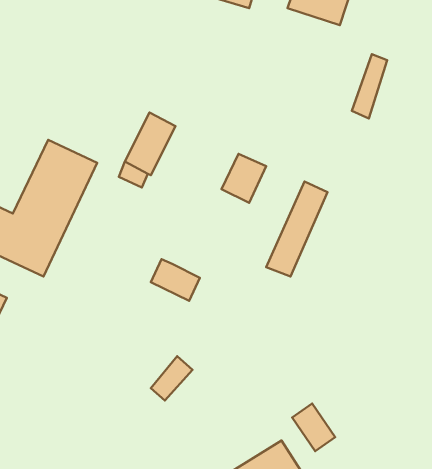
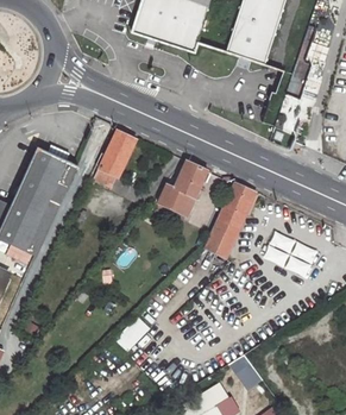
building: none -> [265,232,319,275]
building: [151,259,200,301] -> [157,184,195,216]

